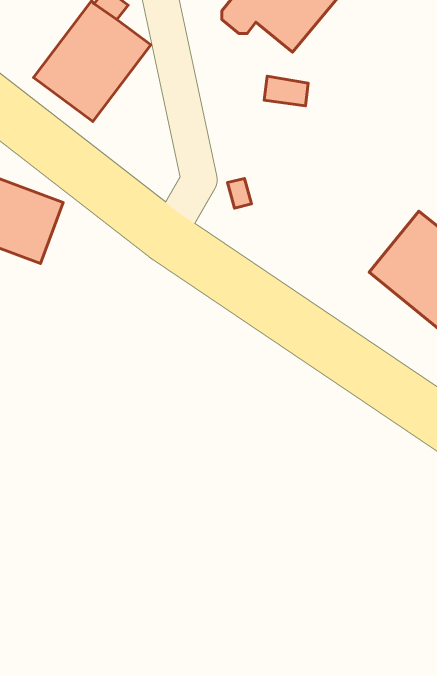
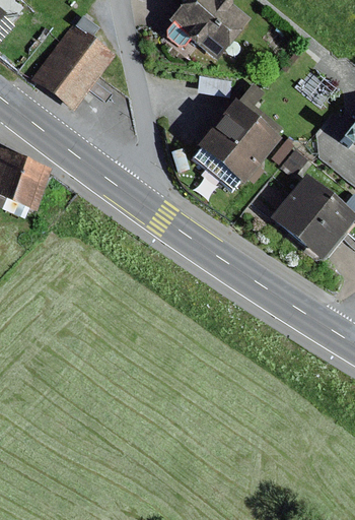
building: none -> [192,82,294,191]

